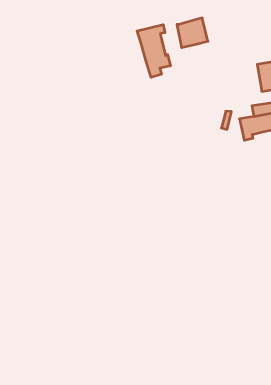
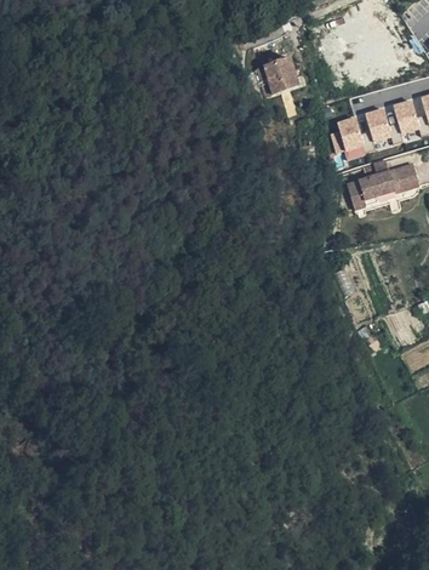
building: [137,25,170,77] -> none
building: none -> [331,114,368,160]

